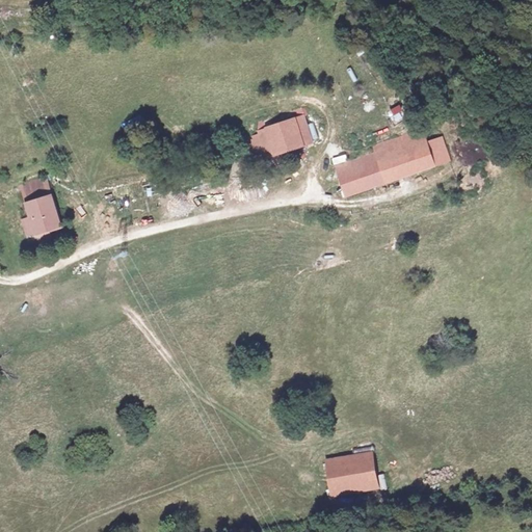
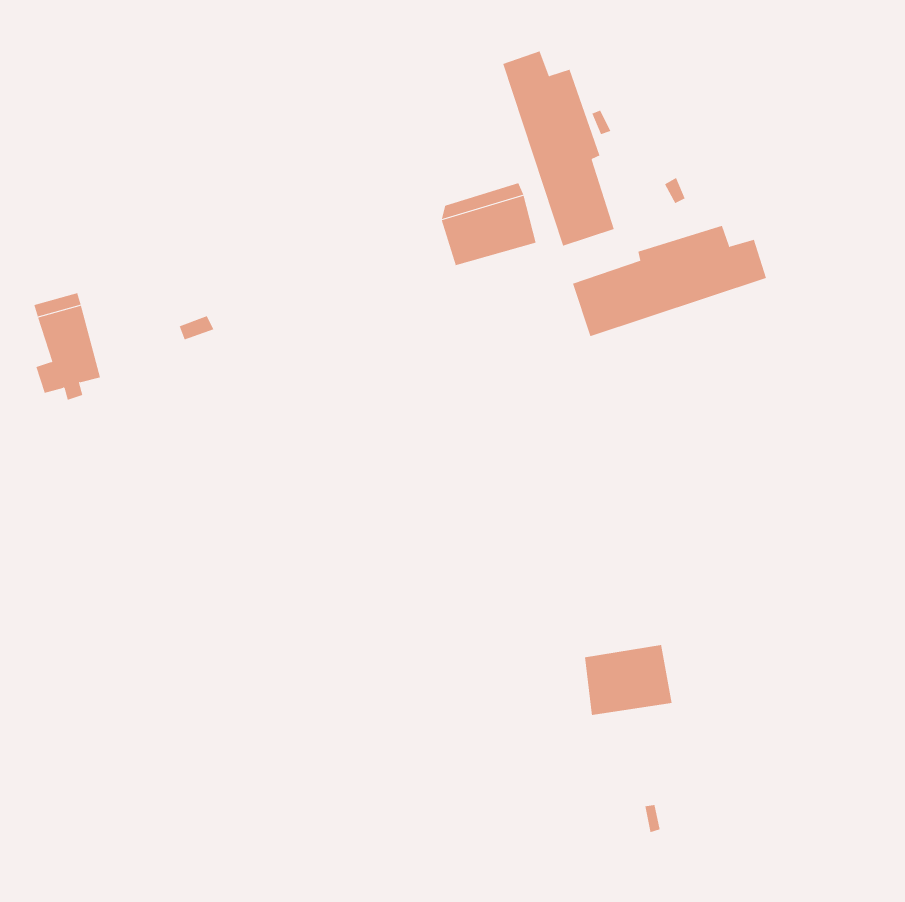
building: none -> [502,51,614,247]
building: [321,454,373,496] -> [584,645,673,715]

